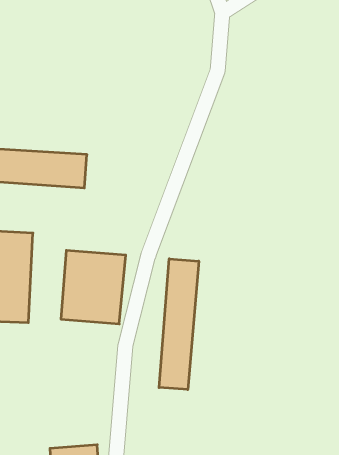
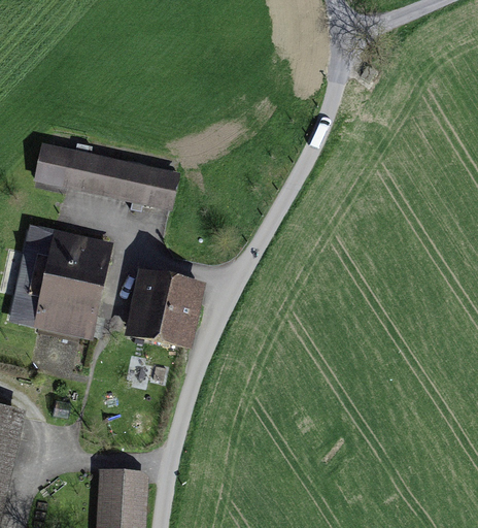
building: [159,259,199,390] -> none

